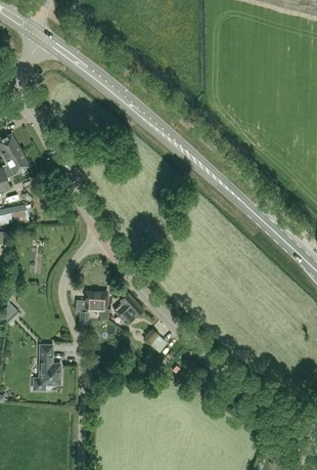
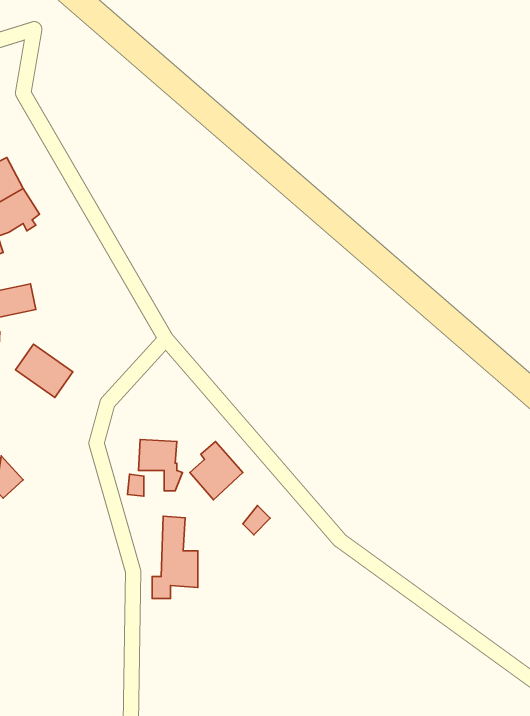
building: none -> [15,344,73,398]
building: [34,345,59,391] -> [152,516,198,598]

